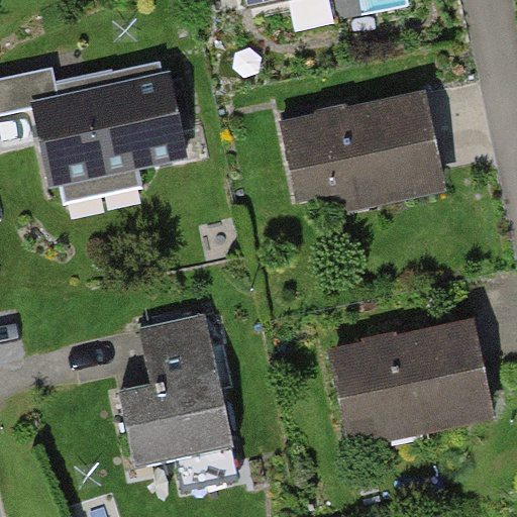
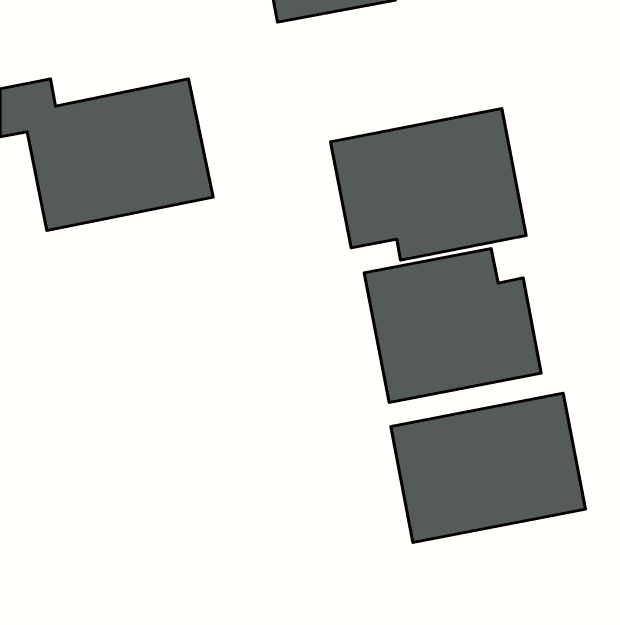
building: none -> [364,249,541,403]
building: [131,313,245,468] -> none

